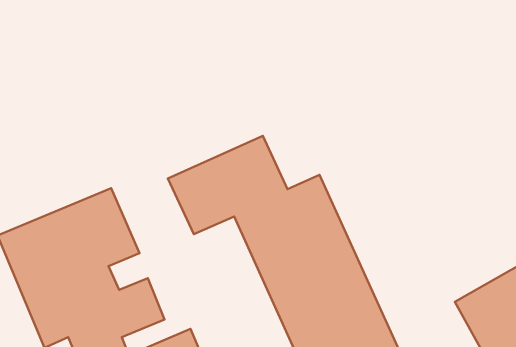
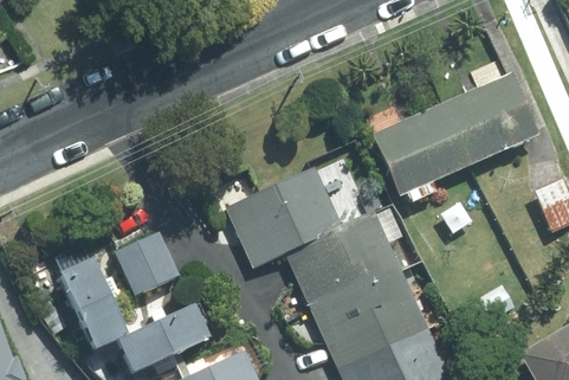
building: none -> [371,73,542,194]

